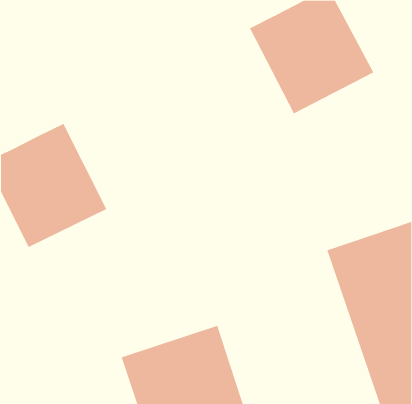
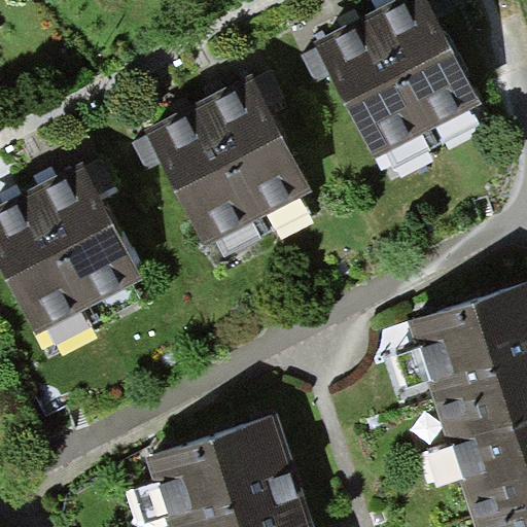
building: none -> [143,74,306,241]

